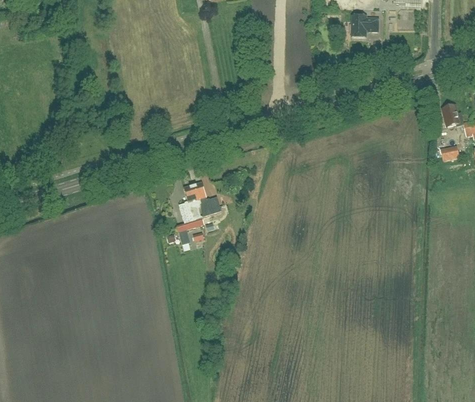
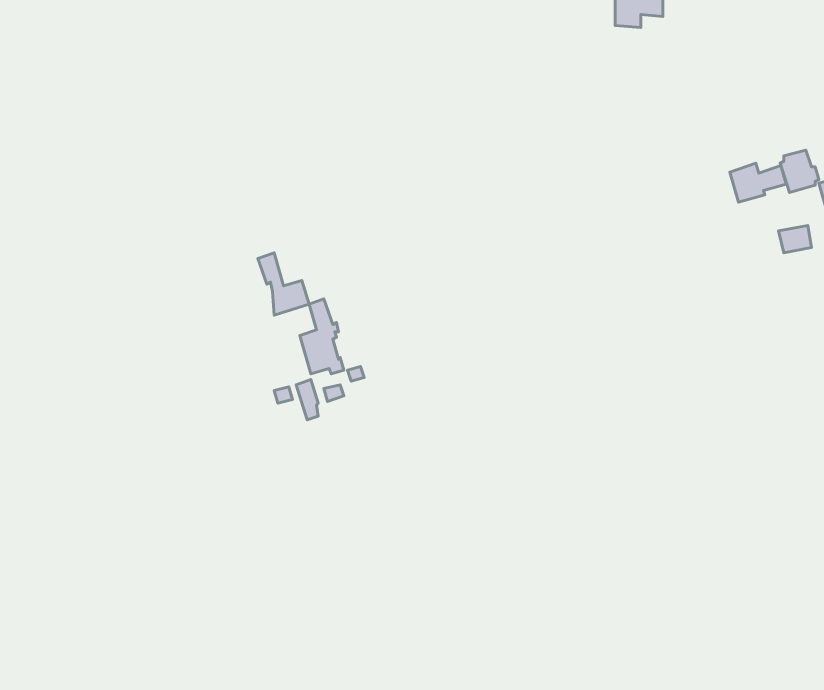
building: none -> [730,163,786,202]
building: [193,182,221,216] -> [258,253,309,315]

